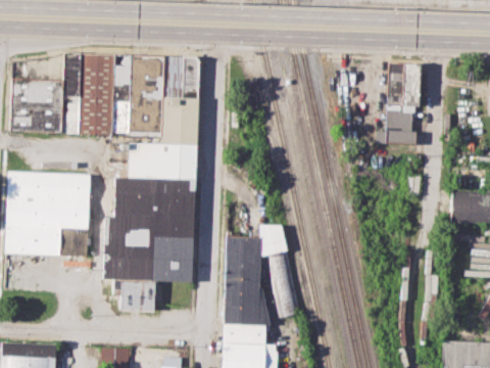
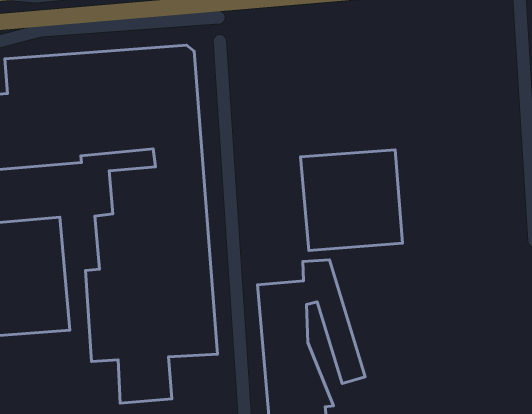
building: [375,64,416,146] -> none
building: none -> [300,150,402,250]

